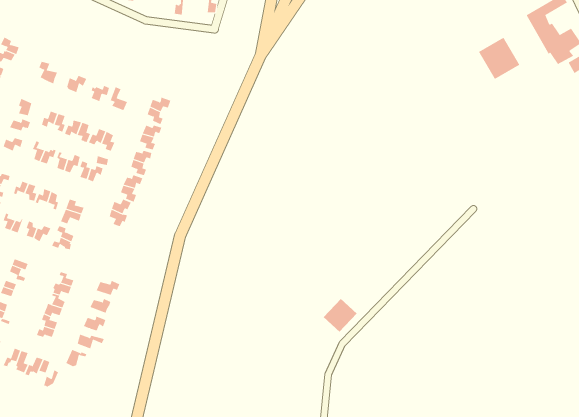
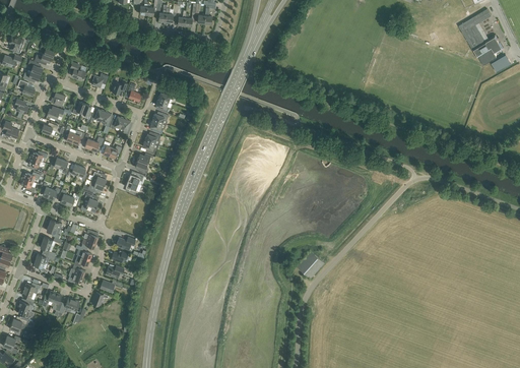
building: [478,37,520,80] -> none

